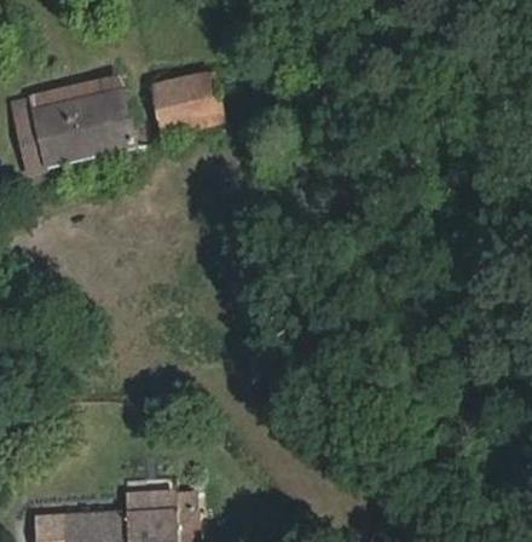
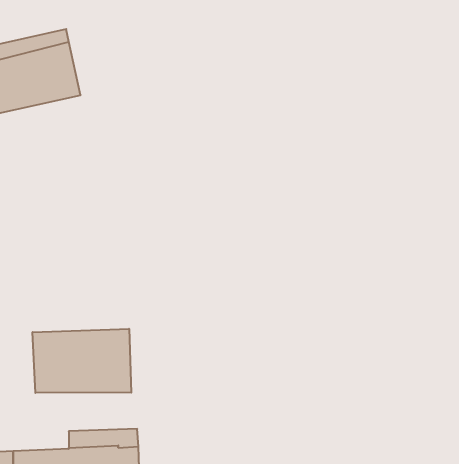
building: [149,75,219,139] -> none
building: none -> [33,329,131,393]

